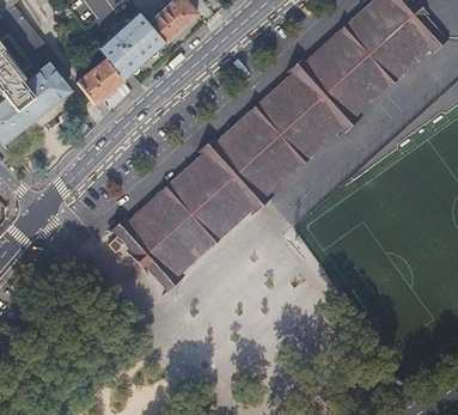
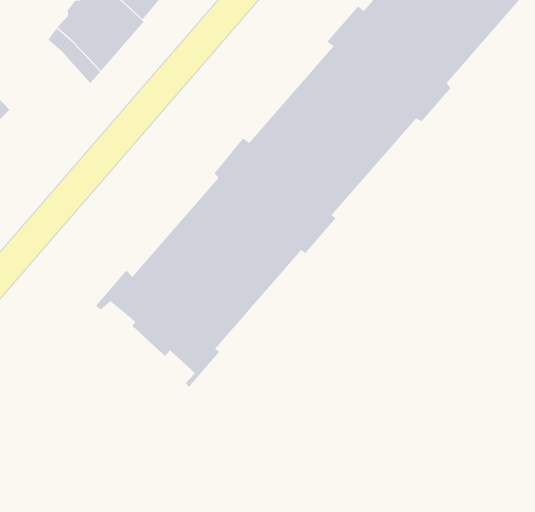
building: [77,56,123,103] -> none

